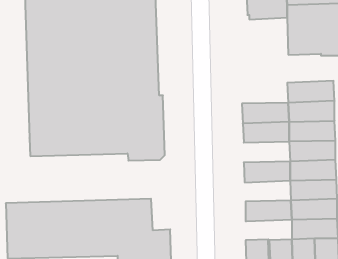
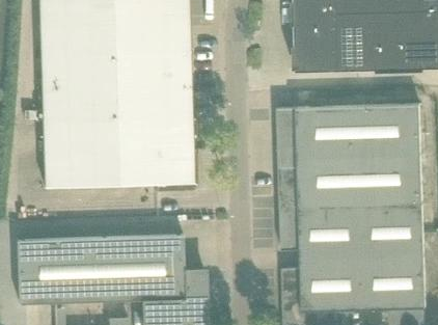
building: none -> [293,27,339,72]
building: none -> [286,102,339,126]
building: none -> [289,169,341,193]
building: none -> [290,214,343,238]
building: none -> [291,259,344,282]

